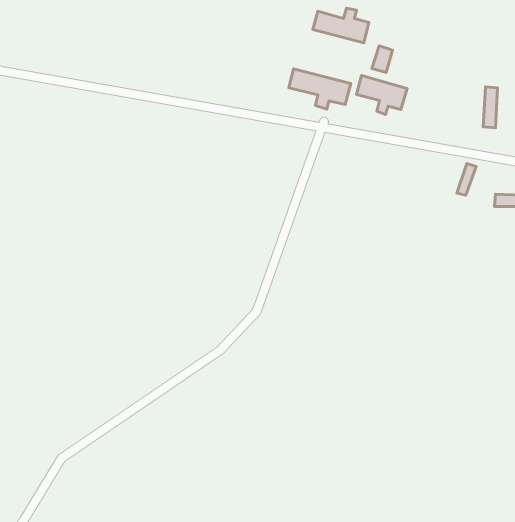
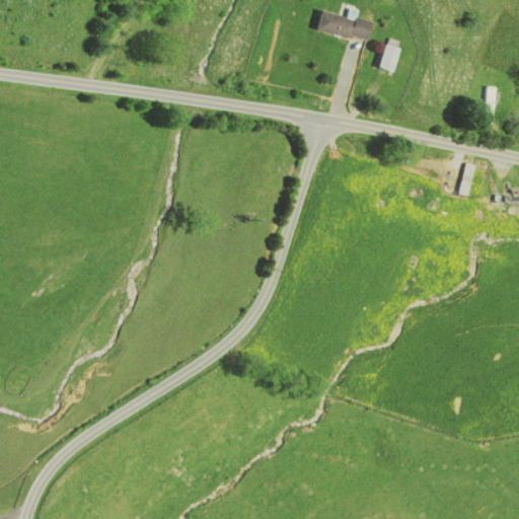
building: [289,69,351,109] -> none
building: [356,76,407,114] -> none

